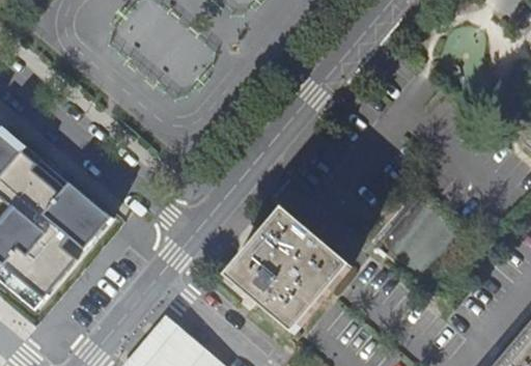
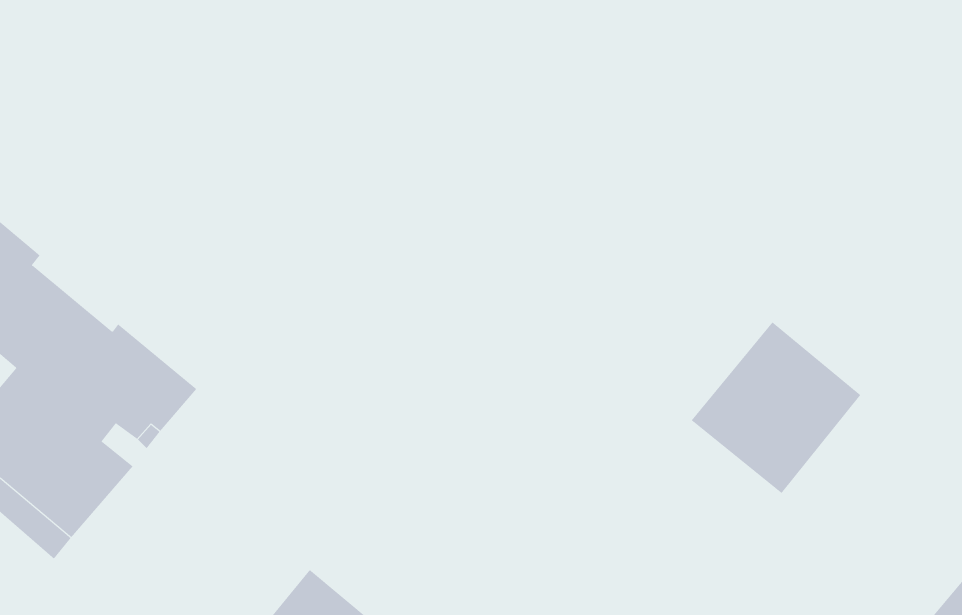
building: [224,205,346,328] -> none

